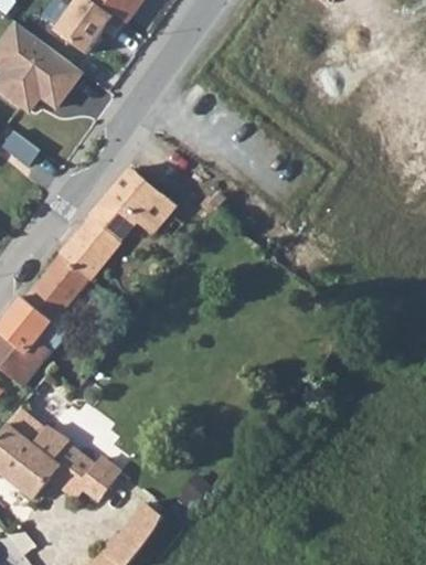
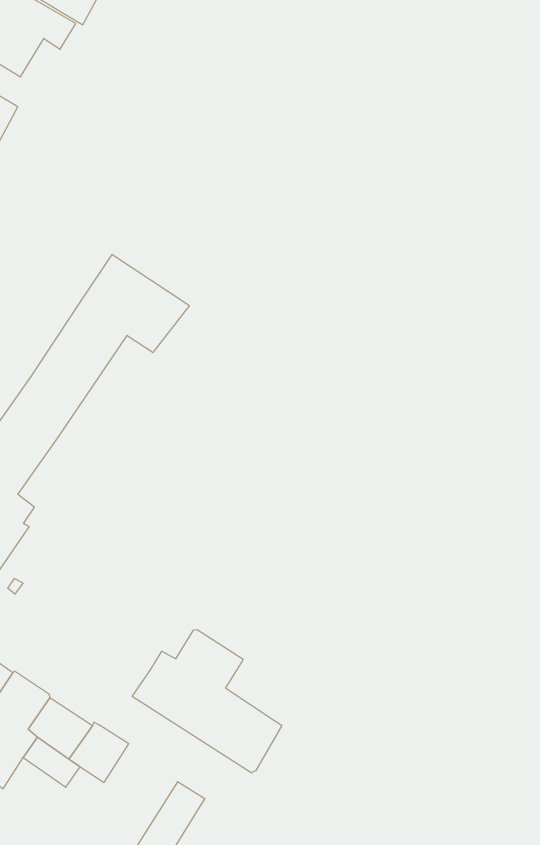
building: none -> [132,630,282,773]

